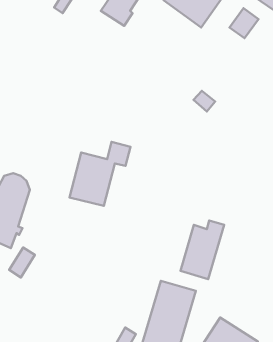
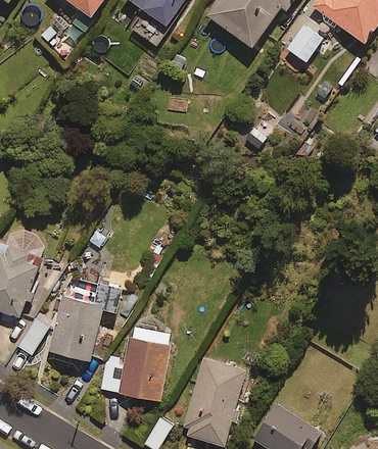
building: [70,142,131,206] -> [48,284,123,362]
building: [181,220,224,279] -> none
building: none -> [100,327,173,401]

